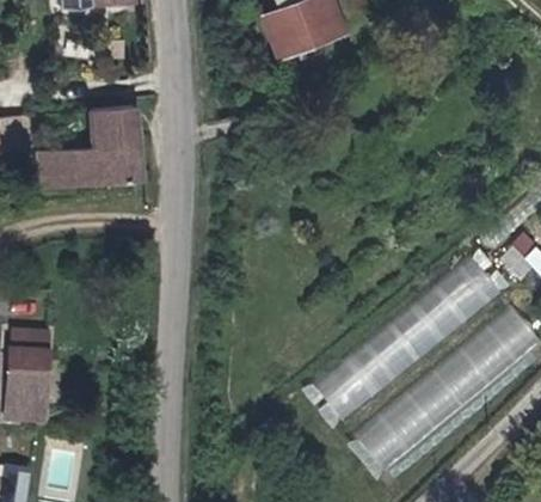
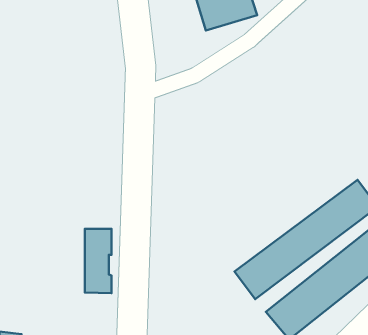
building: [38,106,139,192] -> none
building: [13,333,49,420] -> [85,229,112,293]

